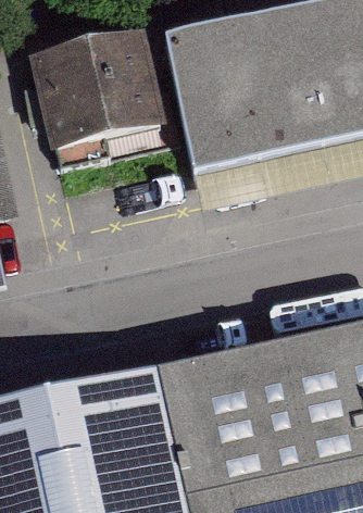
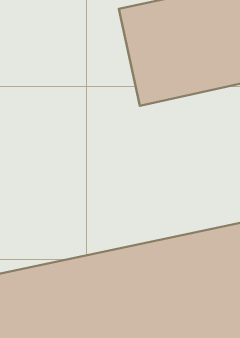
building: [43,45,166,155] -> none

